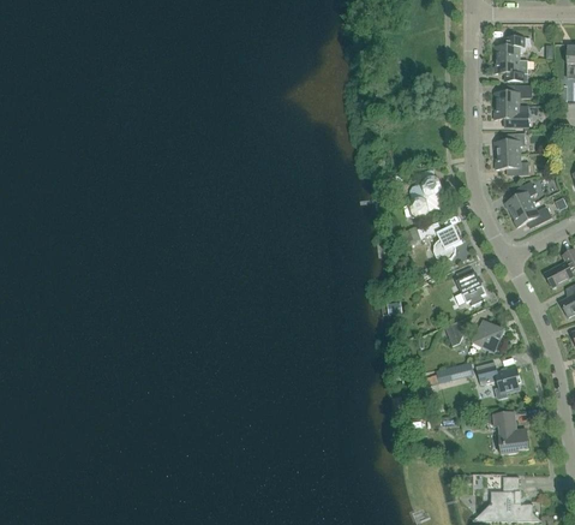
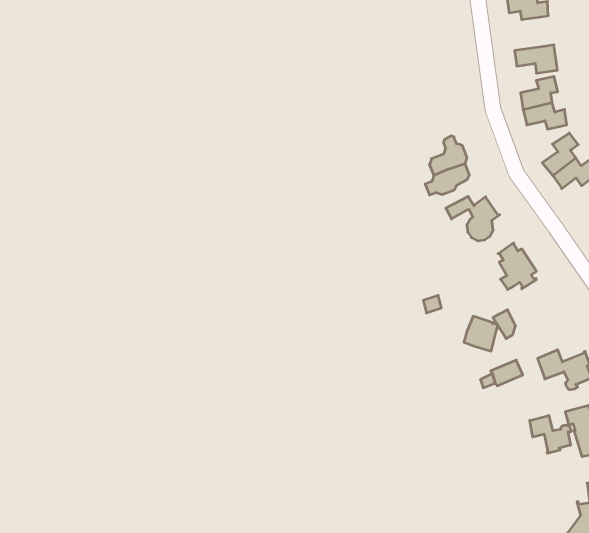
building: [495,85,533,106] -> none
building: [473,321,503,352] -> [464,316,498,351]
building: none -> [530,415,571,453]

